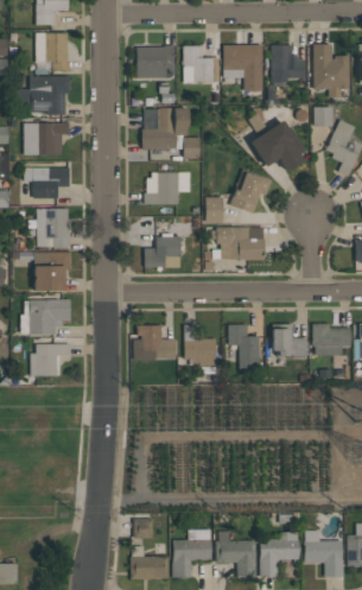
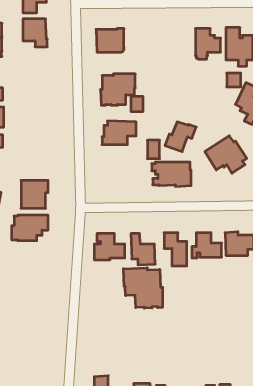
building: [224,45,263,91] -> none
building: [184,46,220,83] -> none
building: [17,77,70,115] -> none
building: [250,121,307,172] -> [205,136,247,173]
building: [25,123,70,156] -> none
building: [26,167,70,198] -> none
building: [28,209,71,247] -> none
building: [145,234,182,269] -> none
building: [31,344,72,376] -> none
building: none -> [123,268,163,308]

